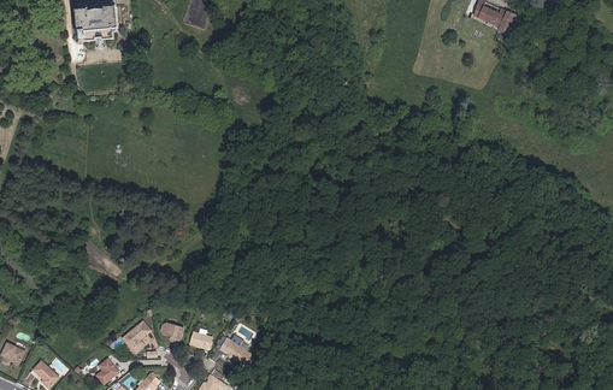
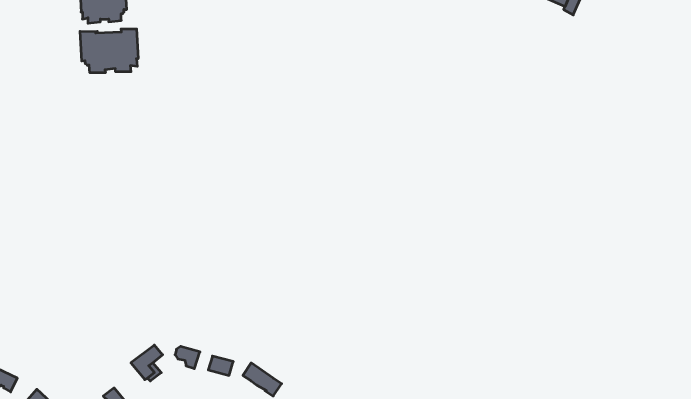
building: none -> [80,29,138,73]

